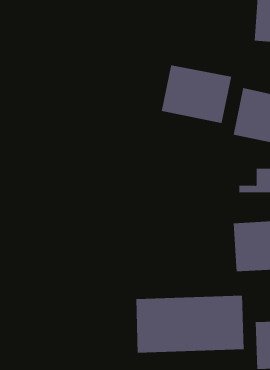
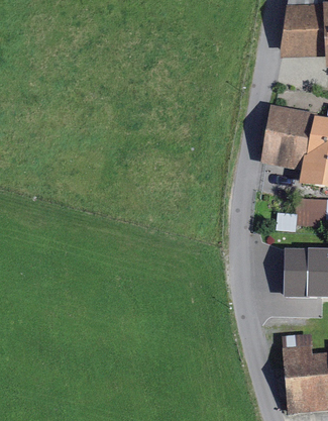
building: [161,65,232,124] -> none
building: [136,295,244,353] -> none

